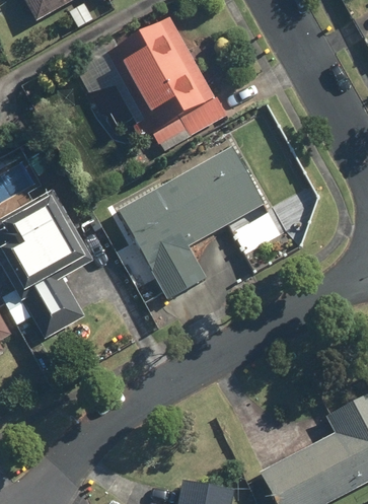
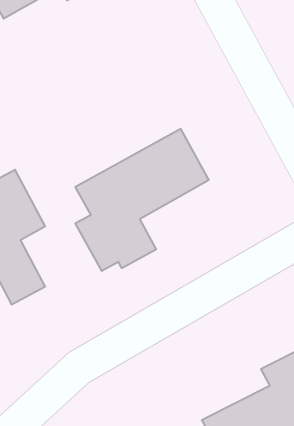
building: [101,15,215,137] -> none

